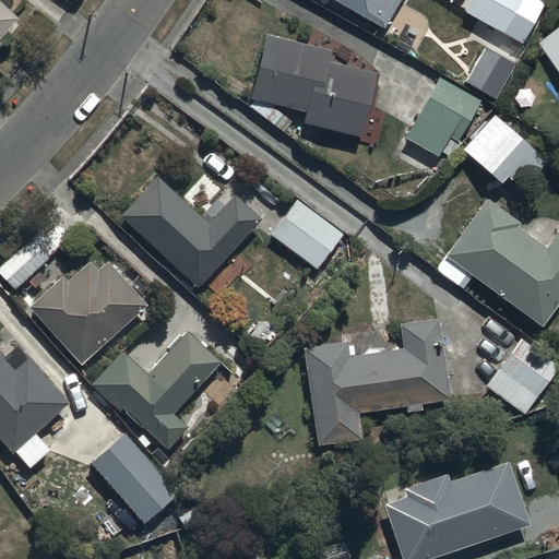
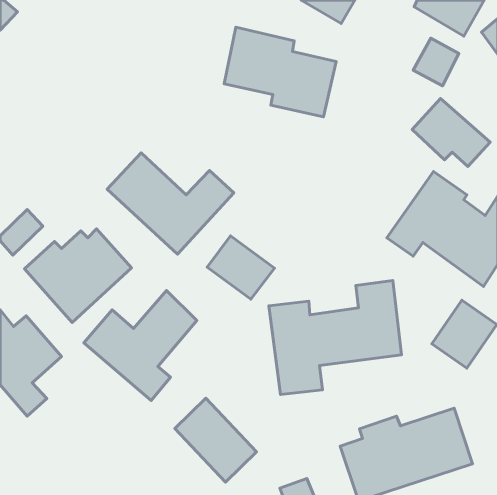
building: [406,76,483,156] -> none
building: [271,199,346,270] -> [207,236,274,299]
building: [88,432,180,526] -> [175,398,257,482]

